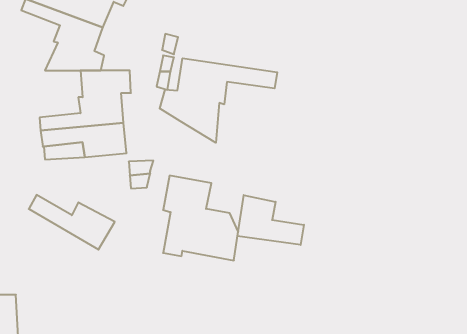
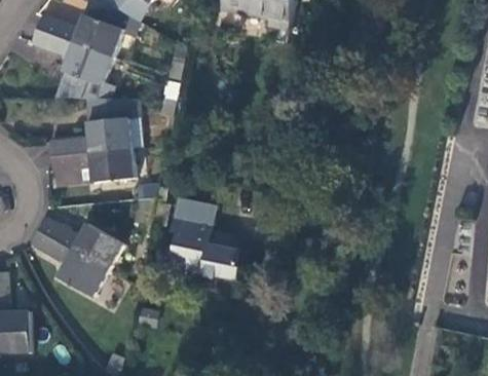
building: [160,58,277,143] -> none
building: [238,195,304,245] -> none
building: none -> [33,230,106,295]

